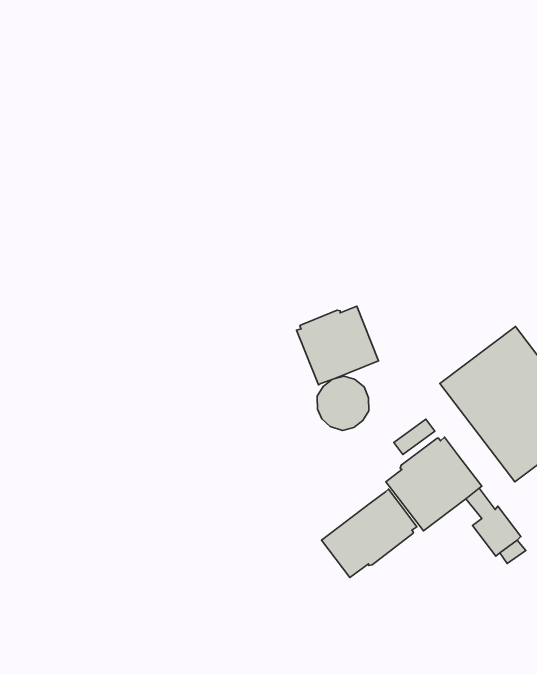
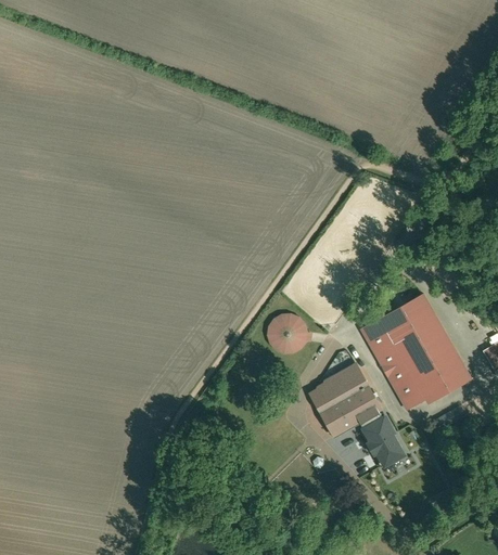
building: [297,306,379,385] -> none
building: [321,489,417,578] -> none

